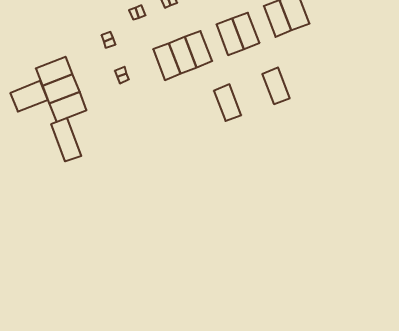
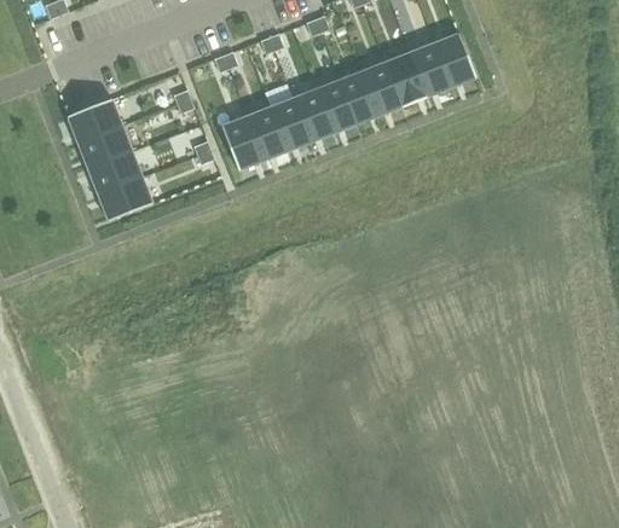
building: none -> [220,115,265,169]
building: [262,67,290,104] -> [386,52,426,105]
building: [10,81,48,112] -> [66,98,121,143]
building: [214,84,241,121] -> [317,79,357,132]
building: [51,118,81,161] -> none

